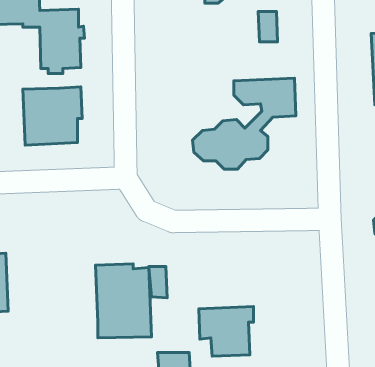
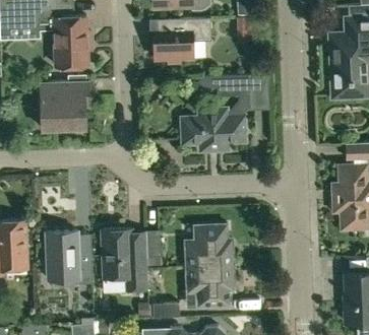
building: none -> [153,18,210,64]
building: none -> [185,225,232,267]
building: none -> [45,231,91,284]

